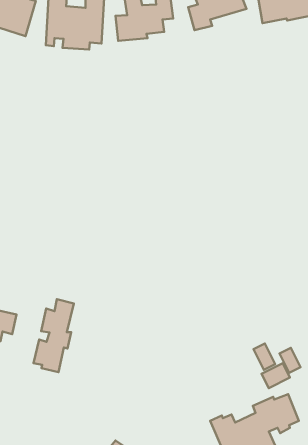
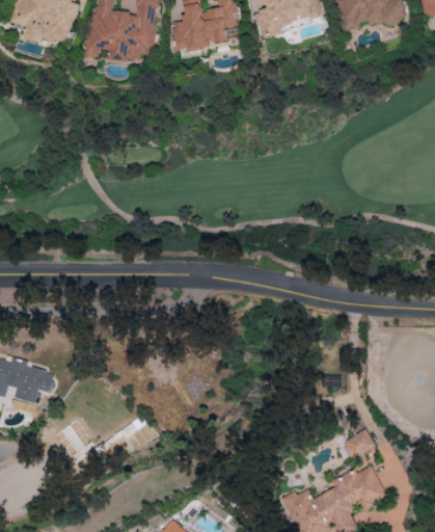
building: [33,299,74,372] -> none
building: [253,343,275,370] -> none
building: [280,348,301,373] -> none

